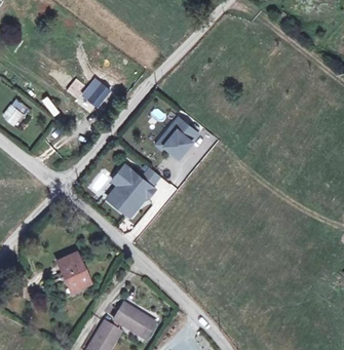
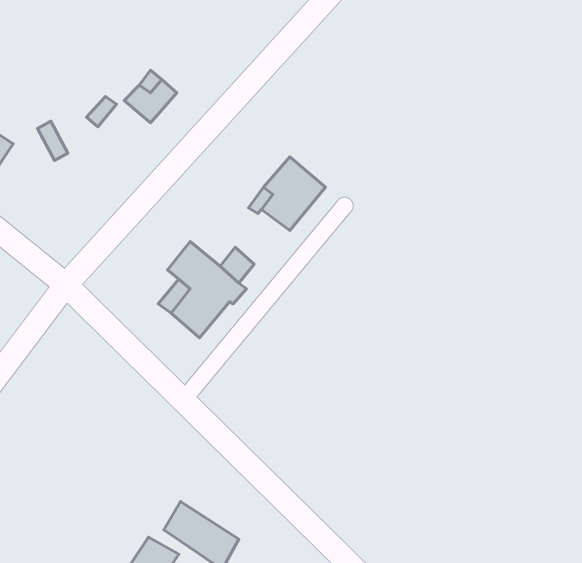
building: [58,254,89,294] -> none

